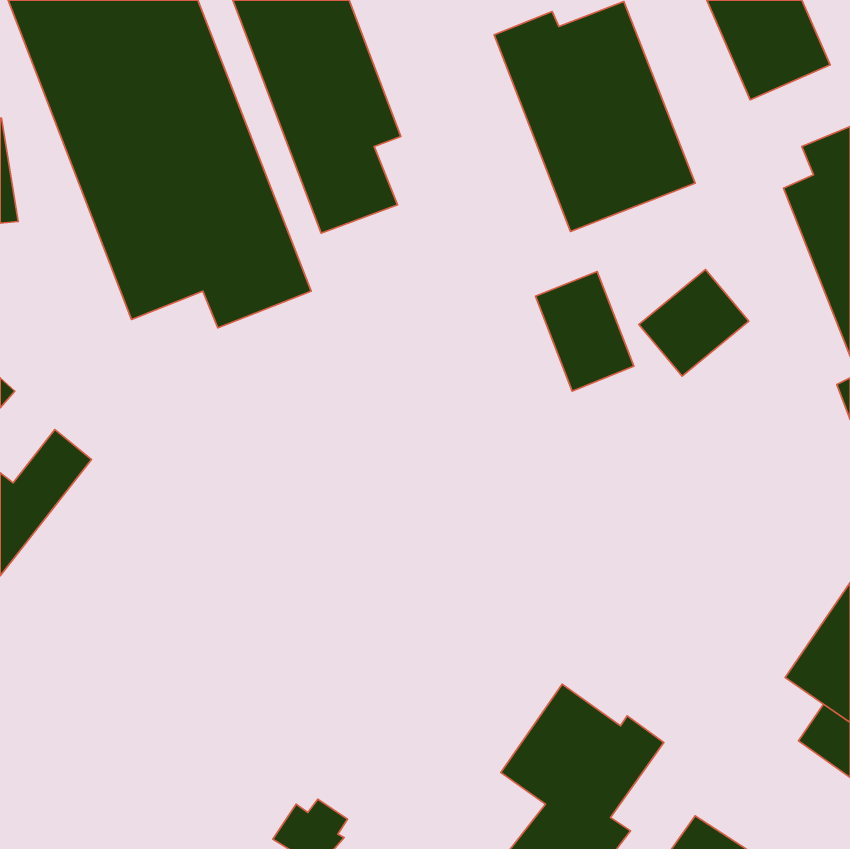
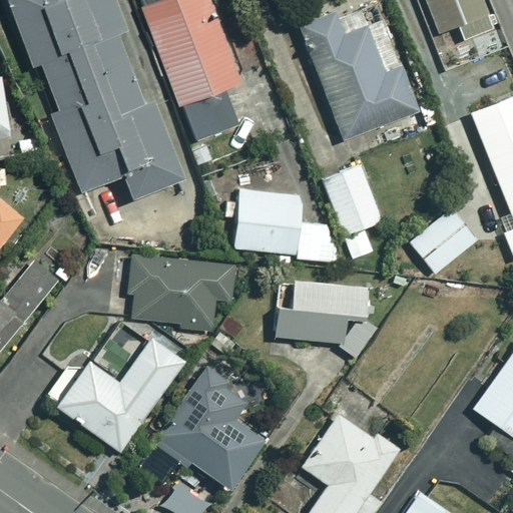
building: [639,269,749,376] -> [410,209,476,274]
building: none -> [223,189,342,263]
building: none -> [128,255,232,331]
building: none -> [275,280,376,357]
building: none -> [45,338,185,452]
building: none -> [155,370,267,490]

